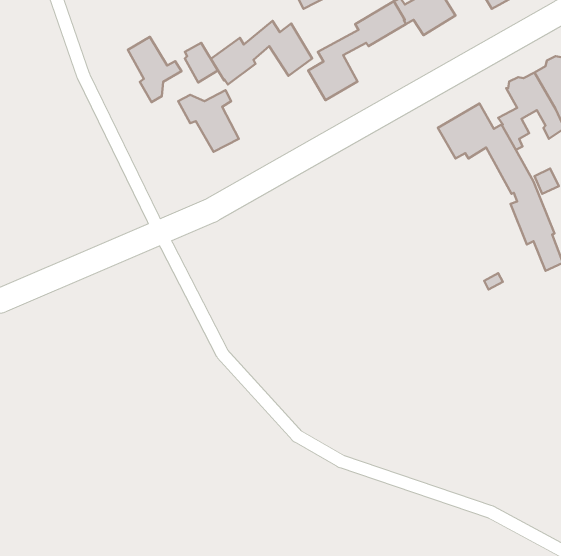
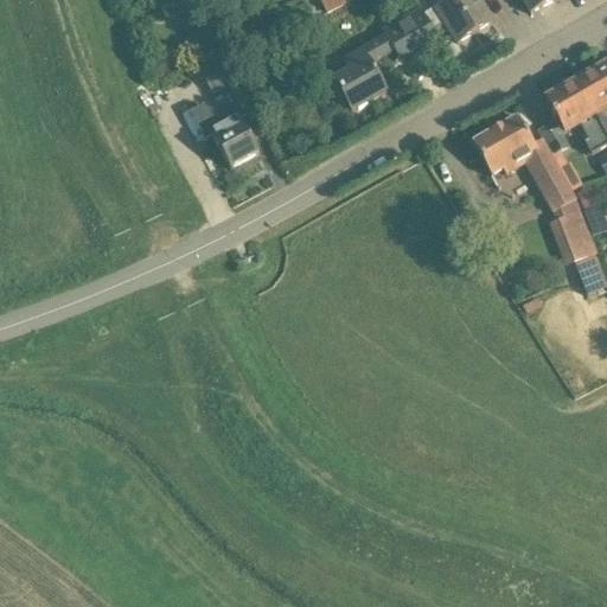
building: [211,21,312,84] -> none
building: [128,37,181,102] -> none

